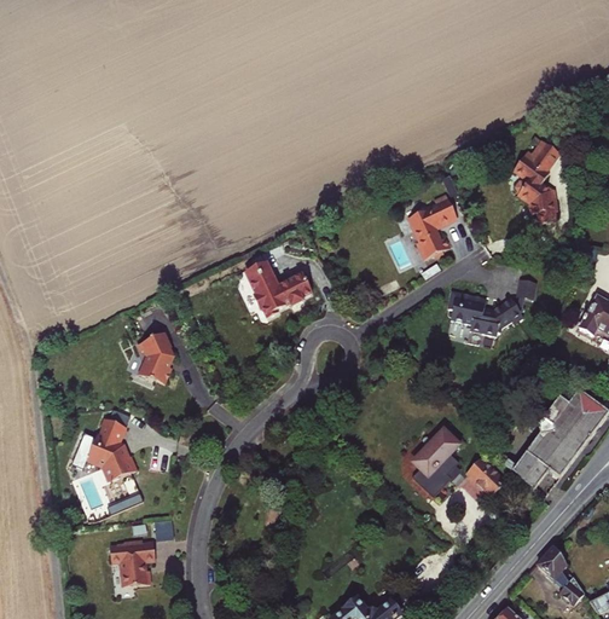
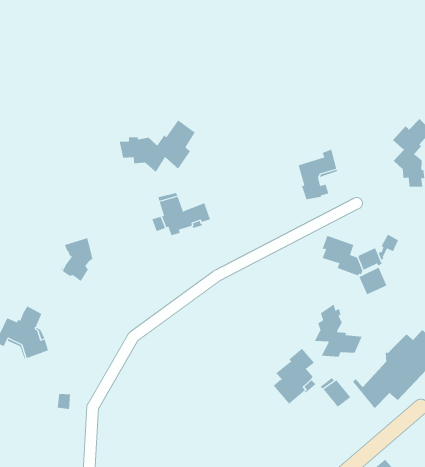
building: none -> [119,119,195,173]
building: none -> [359,267,387,295]
building: none -> [314,304,362,358]
building: [108,539,153,586] -> none

